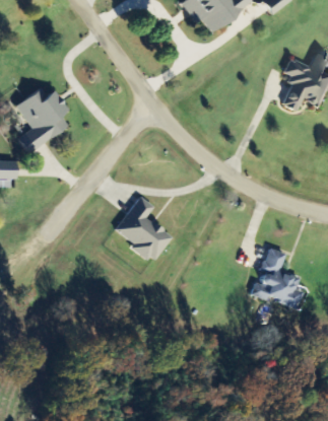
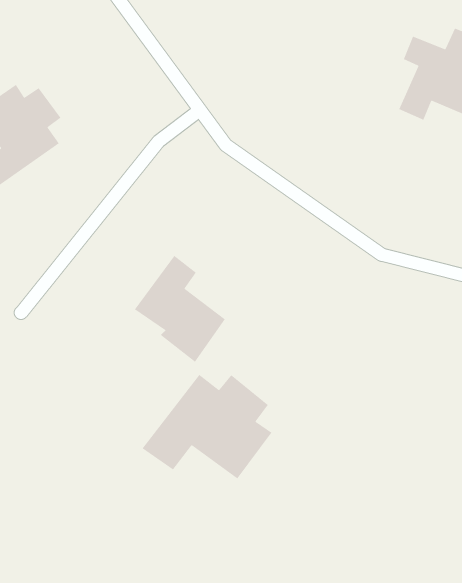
building: [253,248,303,306] -> none
building: none -> [141,374,272,479]

